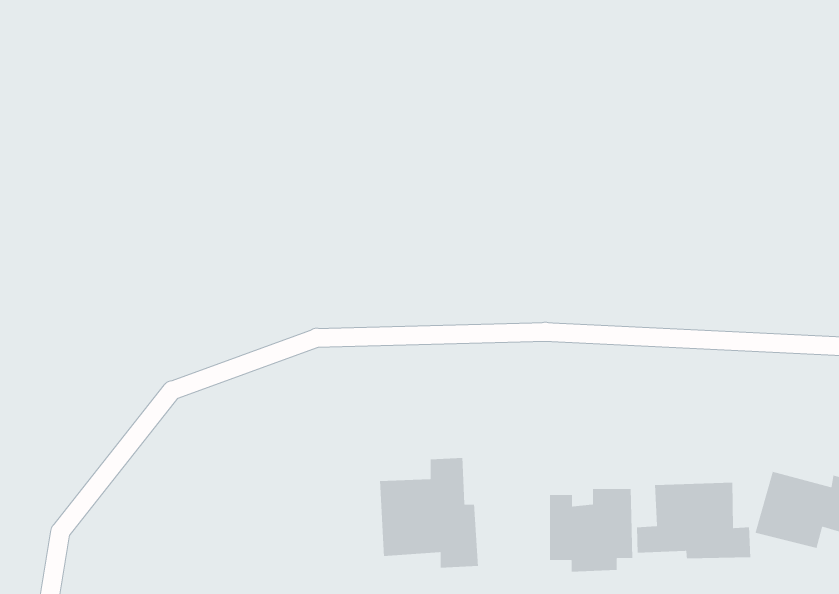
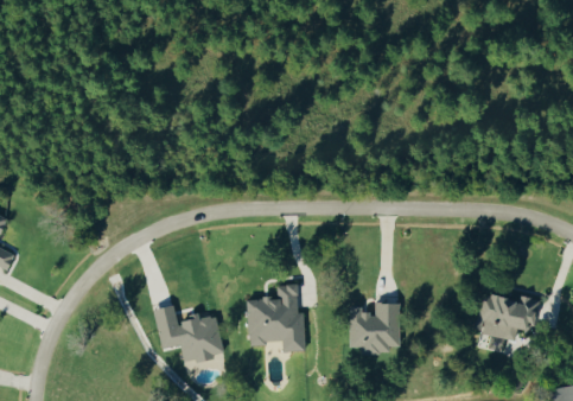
building: [636,482,751,559] -> none
building: none -> [153,305,223,363]

